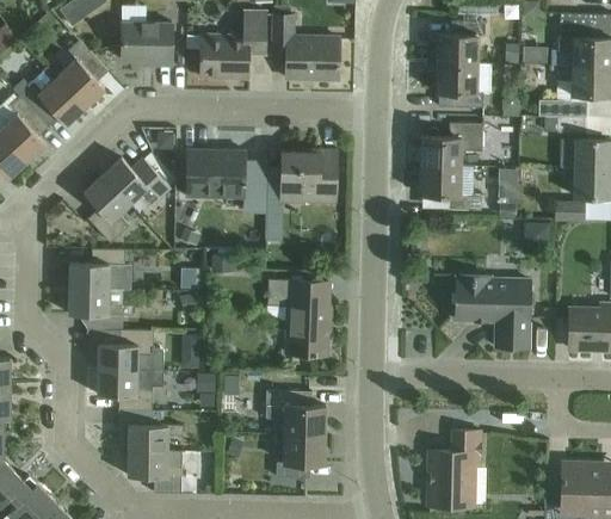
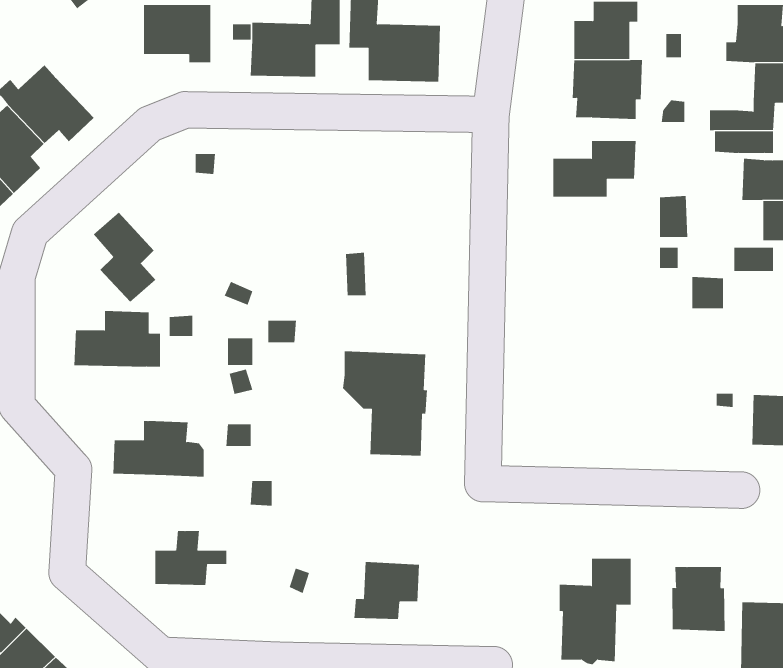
building: [56,39,107,106] -> none
building: [186,149,267,214] -> none
building: [280,150,338,200] -> none
building: [103,156,169,204] -> none
building: [422,165,483,209] -> none
building: [452,278,530,348] -> none
building: [69,289,132,329] -> none
building: [98,369,166,410] -> none
building: [266,389,326,435] -> none
building: none -> [672,566,725,632]
building: [128,450,183,493] -> none

